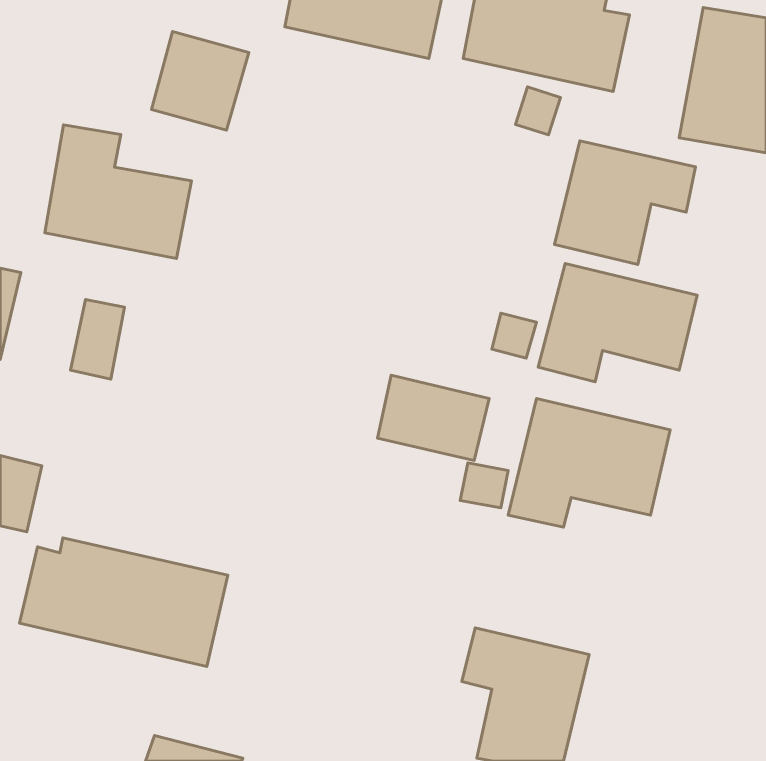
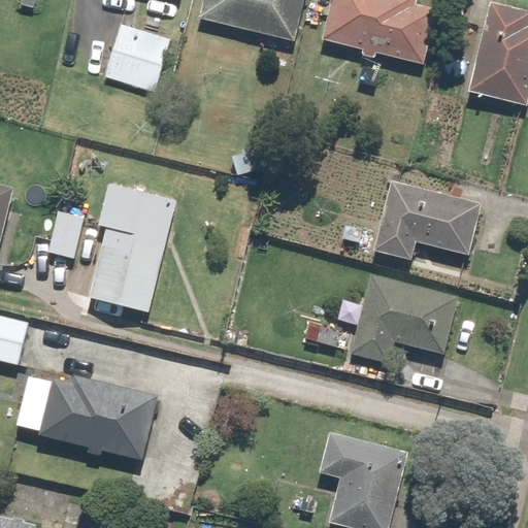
building: [45,125,191,258] -> none
building: [555,141,696,265] -> none
building: none -> [87,184,175,316]
building: [378,375,489,461] -> none

